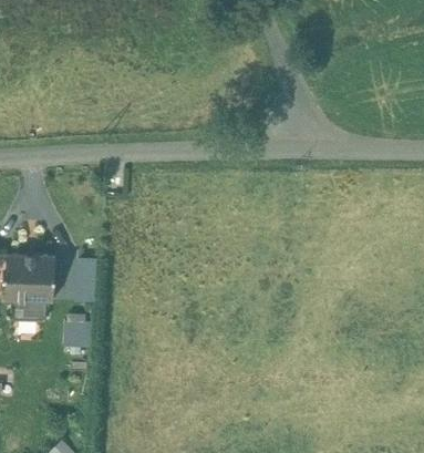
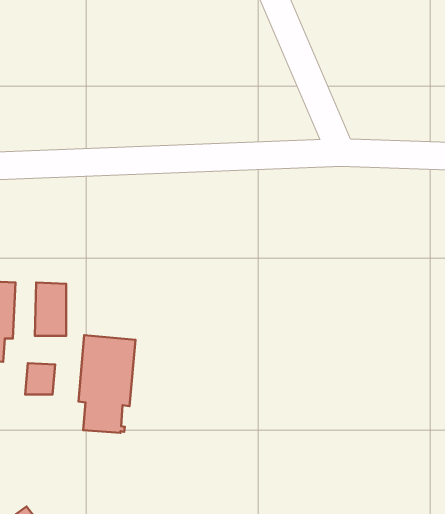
building: none -> [78,335,135,433]

